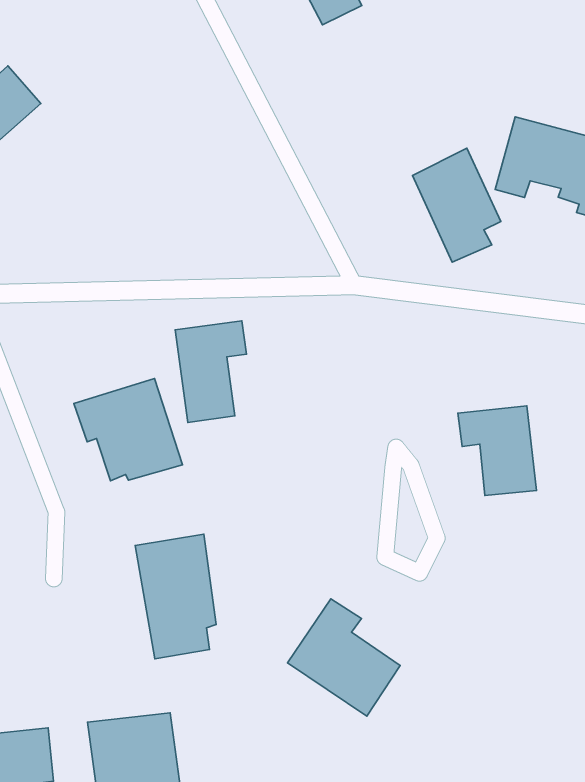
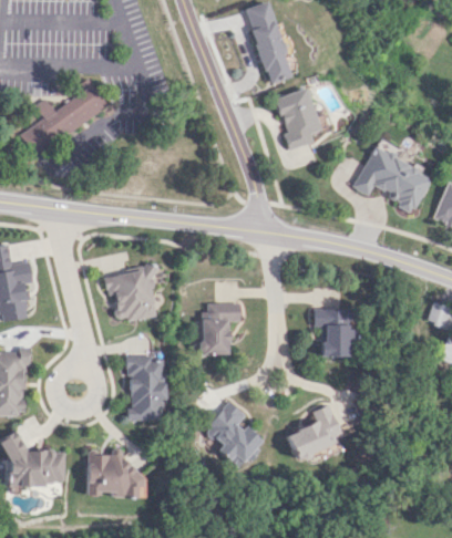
building: [412,148,501,262] -> [275,87,320,149]
building: [175,321,247,422] -> [203,303,240,355]
building: none -> [289,405,342,459]

